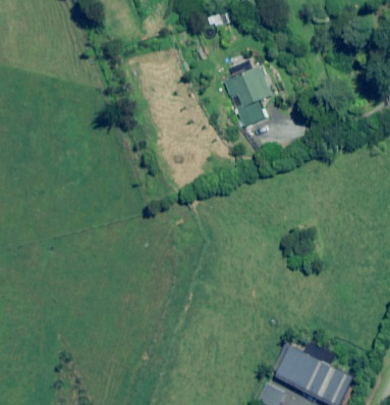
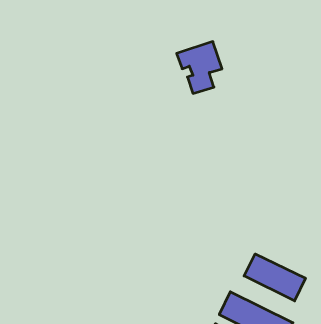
building: none -> [244,254,305,301]

